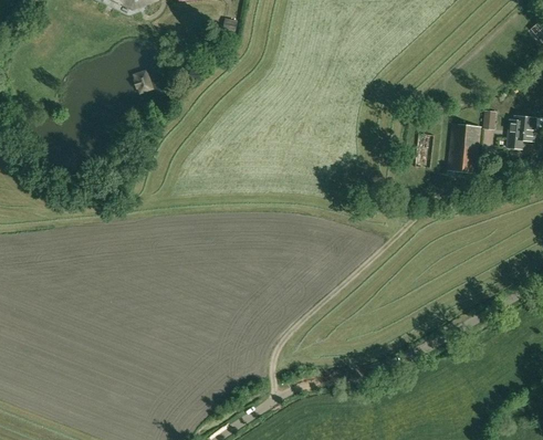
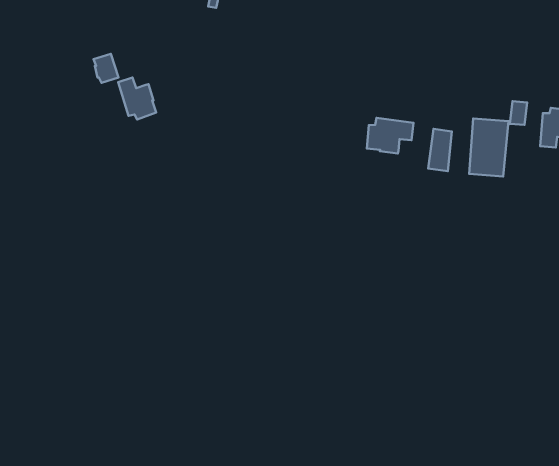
building: none -> [118,78,156,120]
building: none -> [367,118,414,154]

